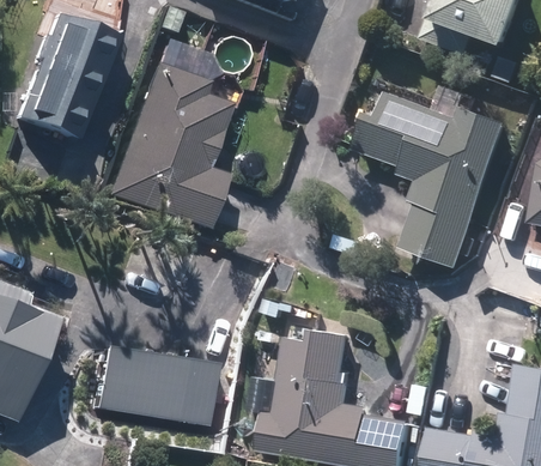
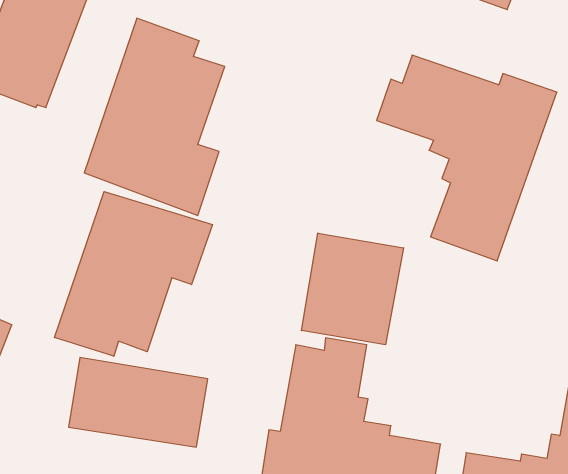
building: none -> [55,192,212,356]
building: none -> [301,233,404,345]

